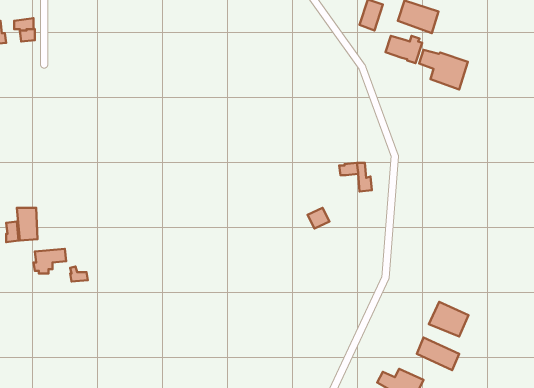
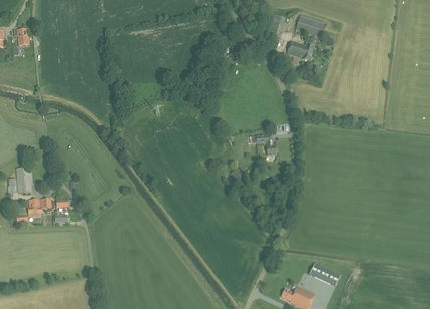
building: [419,50,468,90] -> none
building: [429,302,469,336] -> none

